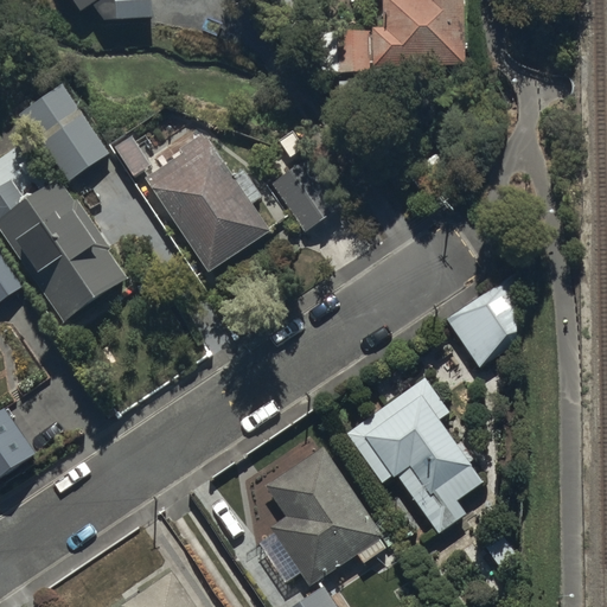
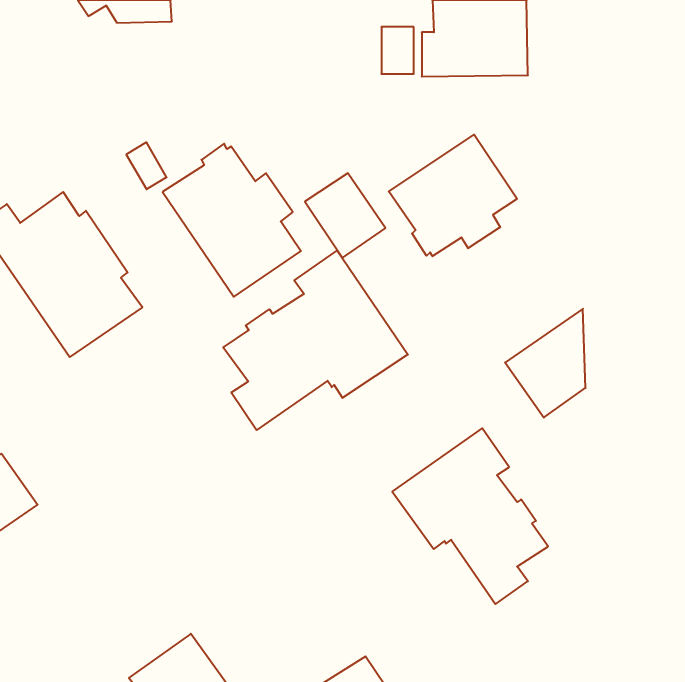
building: [17,78,104,175] -> none
building: none -> [389,135,517,256]
building: none -> [223,251,408,430]
building: [257,443,383,583] -> none

